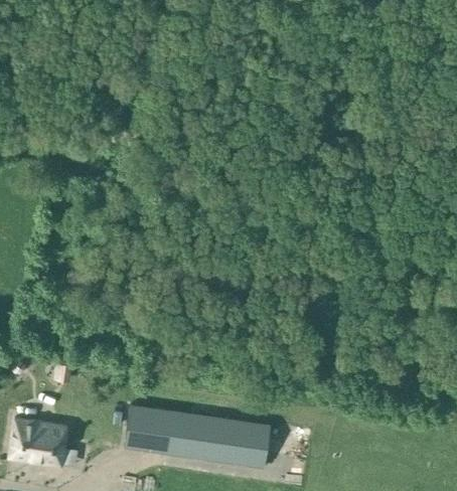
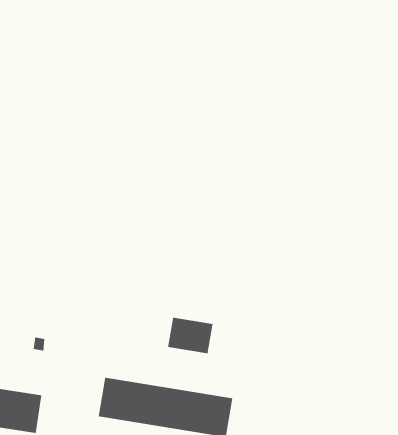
building: none -> [168,317,213,354]

